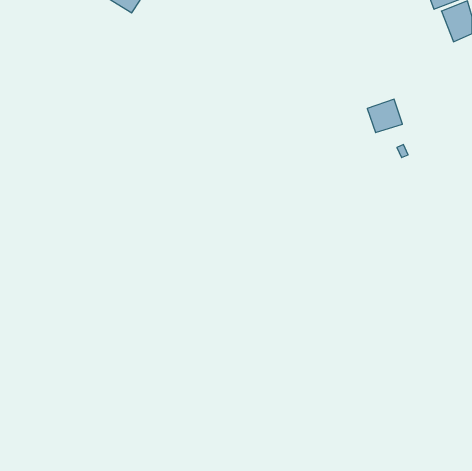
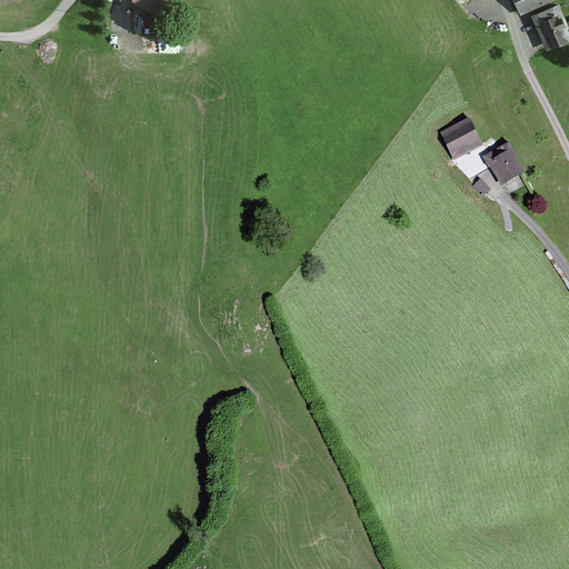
building: none -> [483,142,523,184]

